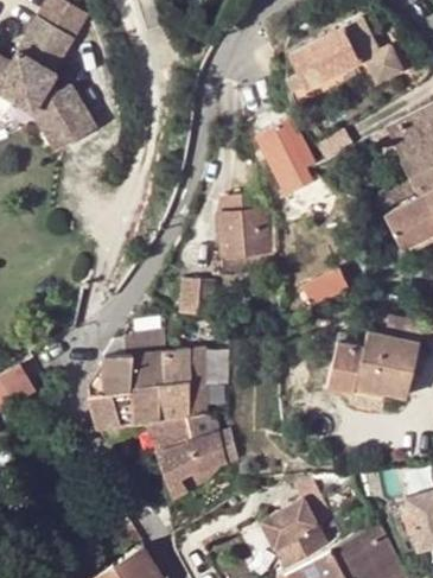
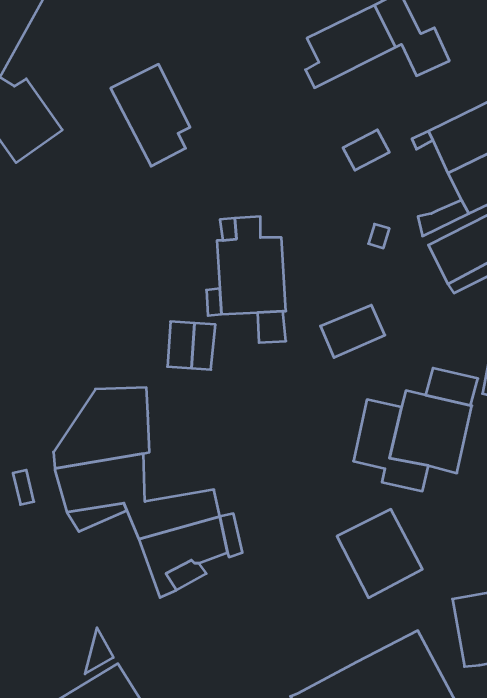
building: [255,113,318,193] -> [111,64,190,166]
building: [160,349,209,420] -> none
building: [261,500,329,570] -> [337,509,422,598]

